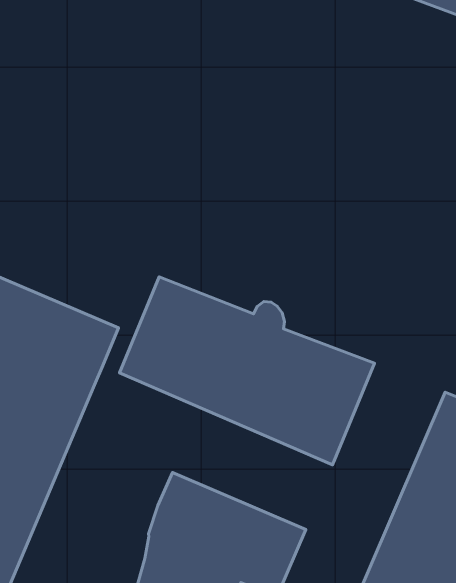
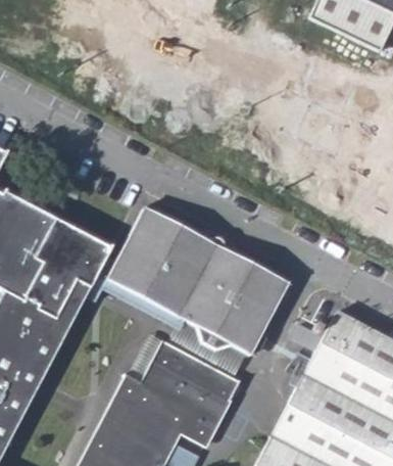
building: none -> [88,274,251,402]

